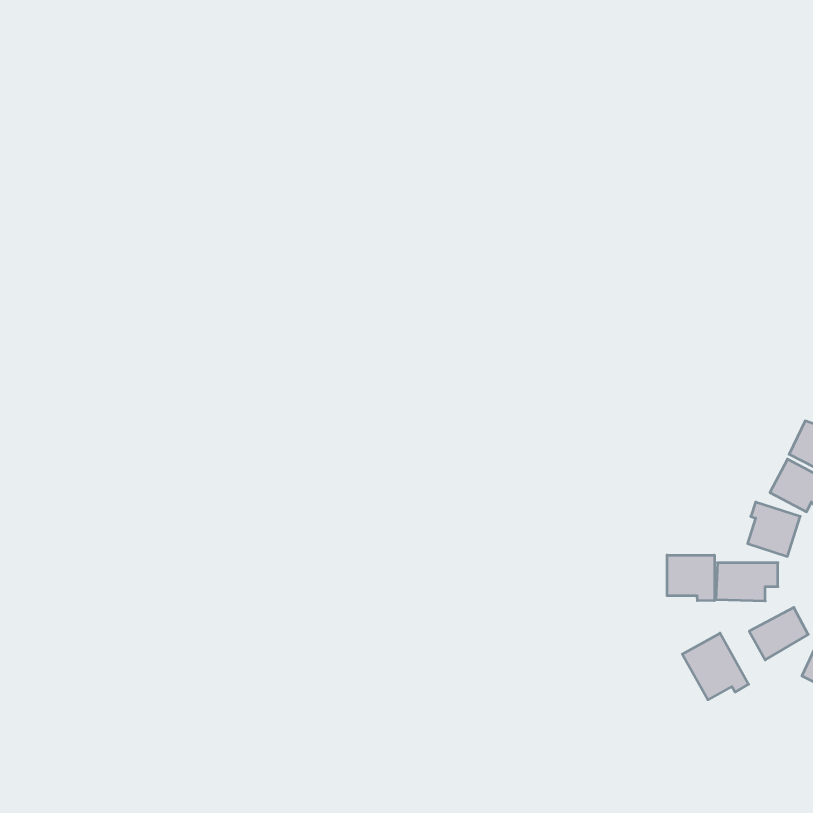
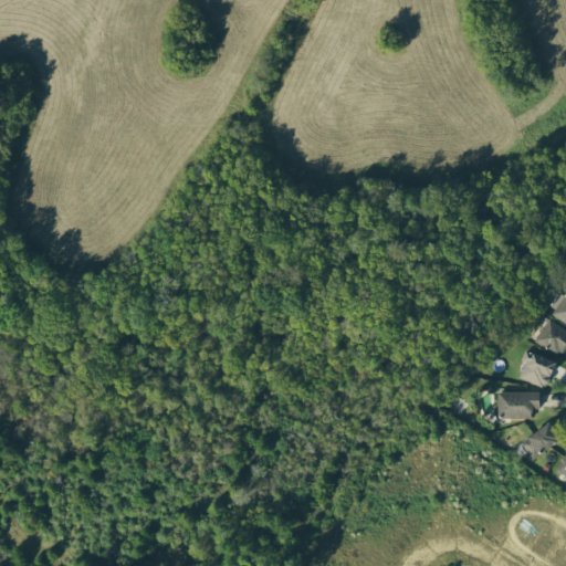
building: [667,555,714,601] -> none
building: [682,633,749,700] -> none

